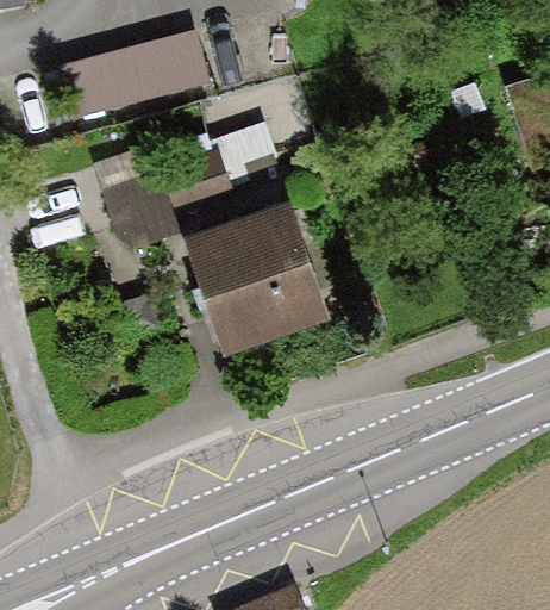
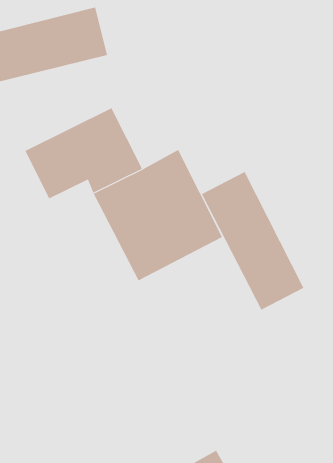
building: none -> [201,171,304,310]

